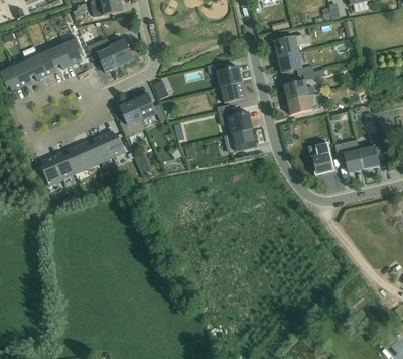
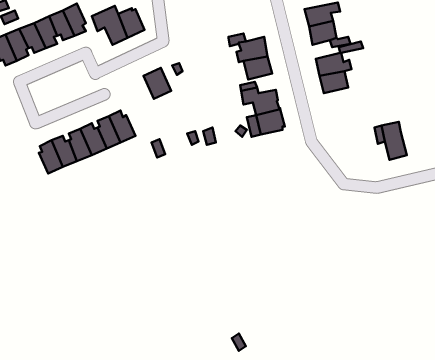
building: [119,99,145,134] -> none
building: [359,134,382,168] -> none
building: [308,141,335,175] -> none

